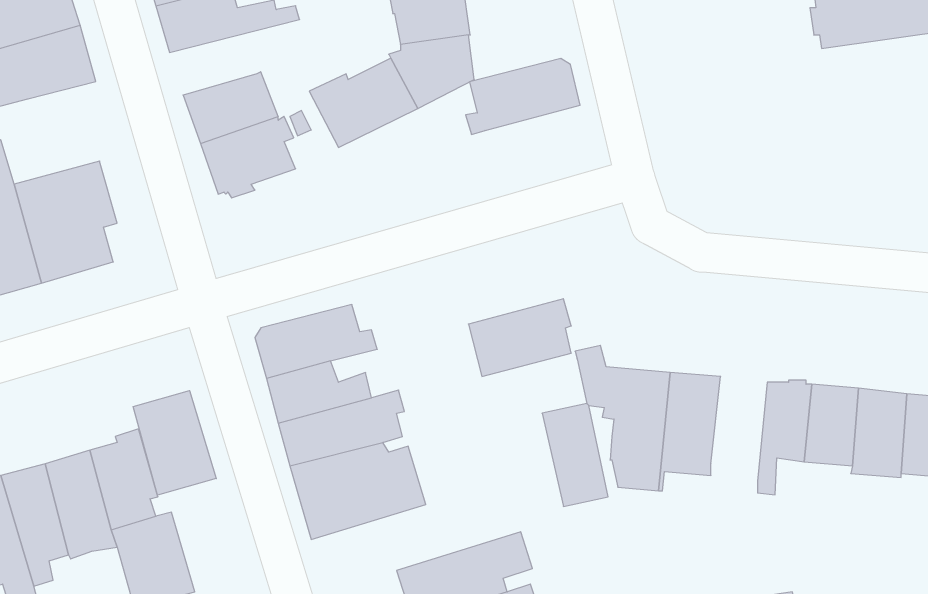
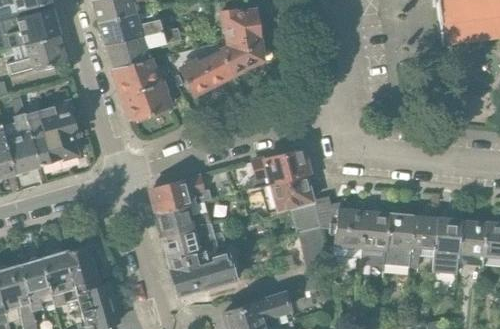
building: none -> [106,27,182,68]
building: [466,59,580,134] -> [250,149,309,188]
building: none -> [293,204,321,232]
building: none -> [385,211,414,267]
building: [133,391,216,495] -> none

